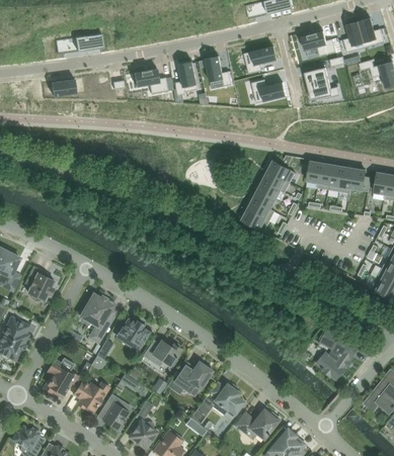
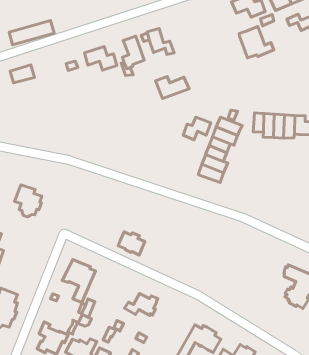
building: [243,47,275,74] -> none
building: [250,80,286,103] -> [155,76,189,99]
building: none -> [183,117,211,140]
building: [23,266,54,301] -> [14,185,42,217]
building: [119,318,148,346] -> [118,232,145,255]
building: [168,362,212,392] -> none

